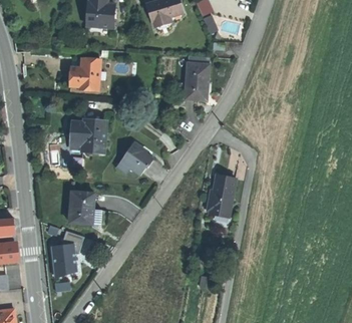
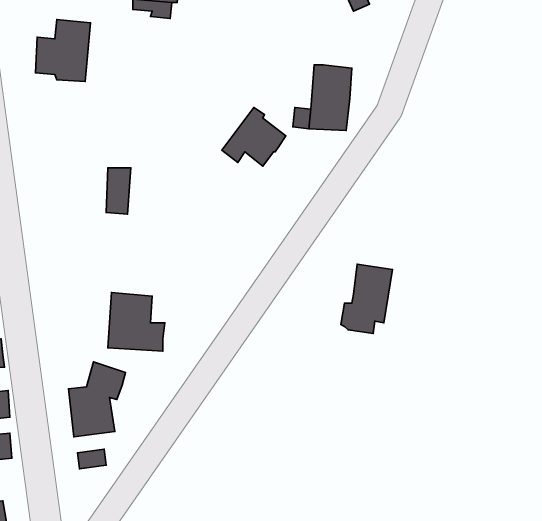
building: [71,56,102,91] -> [35,19,91,82]
building: [84,119,106,152] -> none
building: [115,142,151,176] -> [222,107,286,166]

